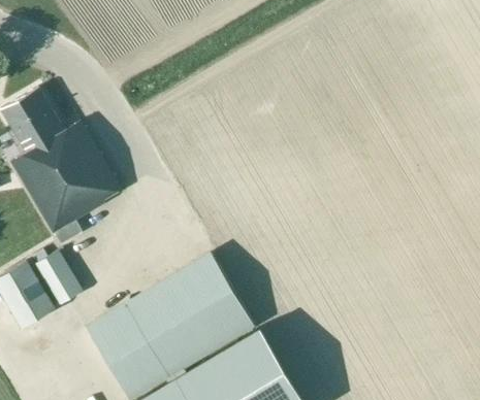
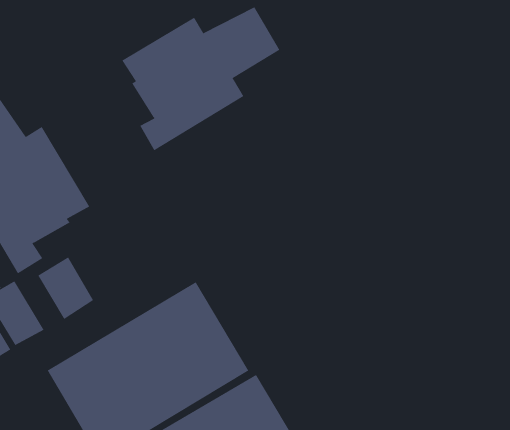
building: none -> [122,7,280,151]
building: none -> [38,256,94,320]

